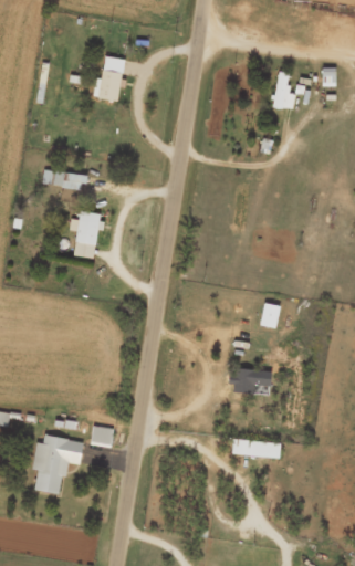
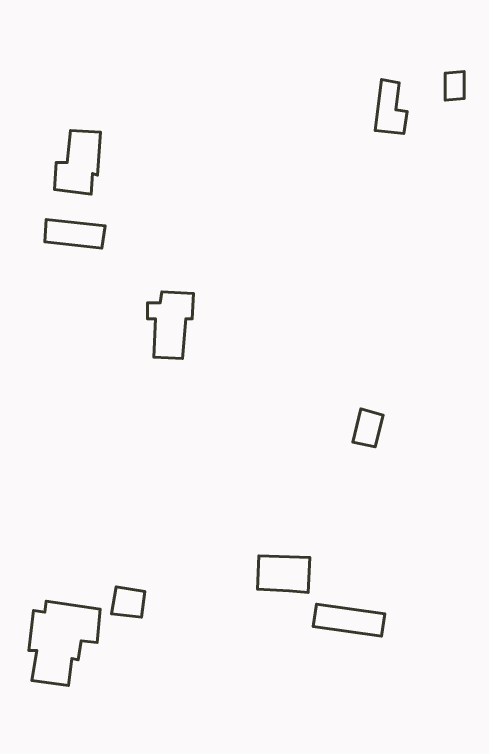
building: [94,56,126,101] -> [54,131,101,194]
building: [71,211,103,258] -> [148,292,194,359]
building: [234,368,271,394] -> [257,556,310,593]

